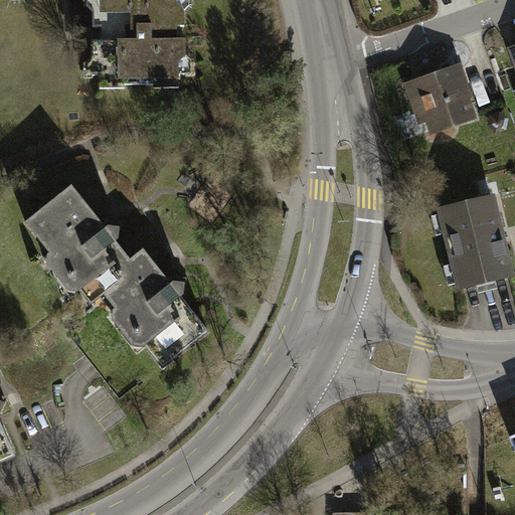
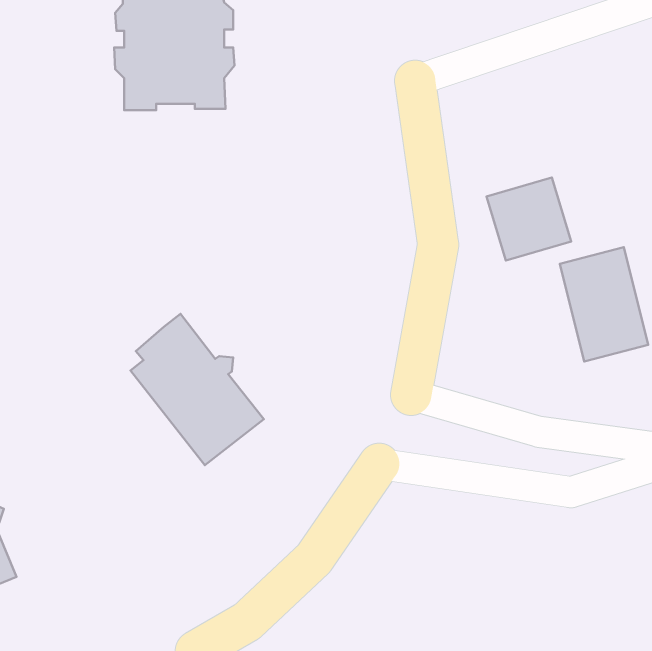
building: [409,66,476,132] -> [487,177,571,261]
building: [24,183,129,302] -> none

